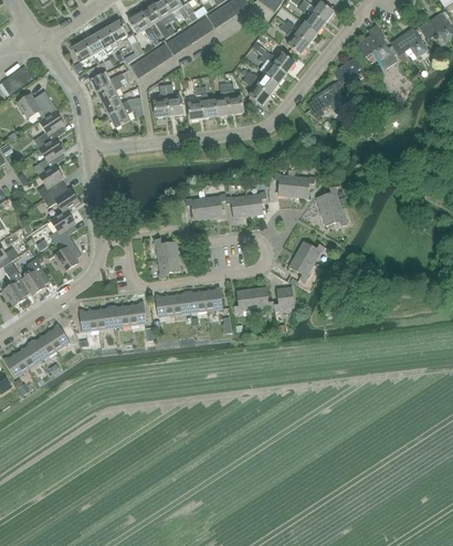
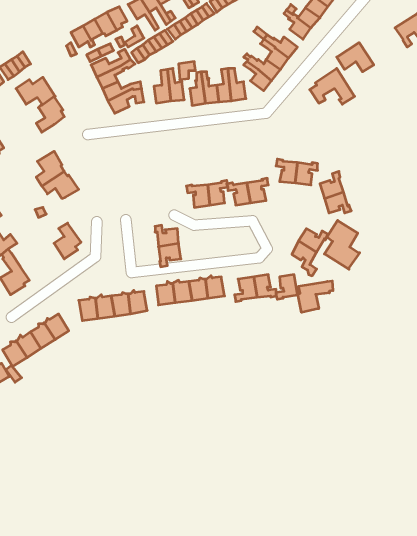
building: [354,25,397,67] -> none
building: [33,138,64,175] -> none
building: [49,210,76,244] -> none
building: none -> [324,220,360,269]
building: [21,259,49,294] -> none
building: none -> [298,281,333,312]

